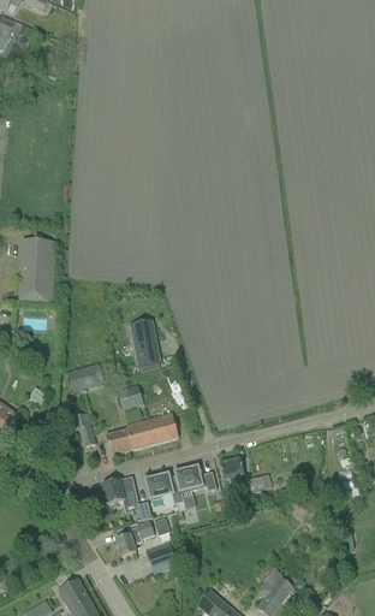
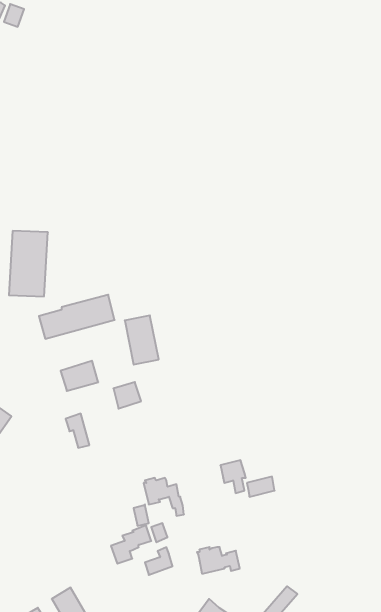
building: [106,413,178,455] -> [39,295,115,339]
building: [175,467,216,492] -> [197,547,240,574]
building: [102,475,138,504] -> none

